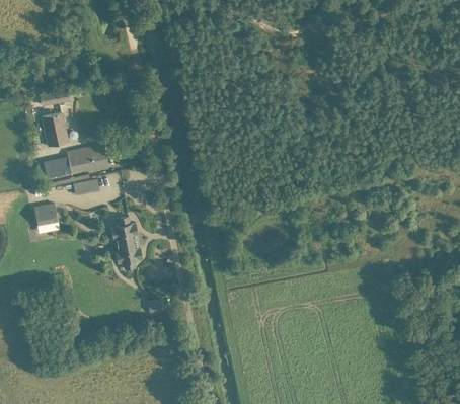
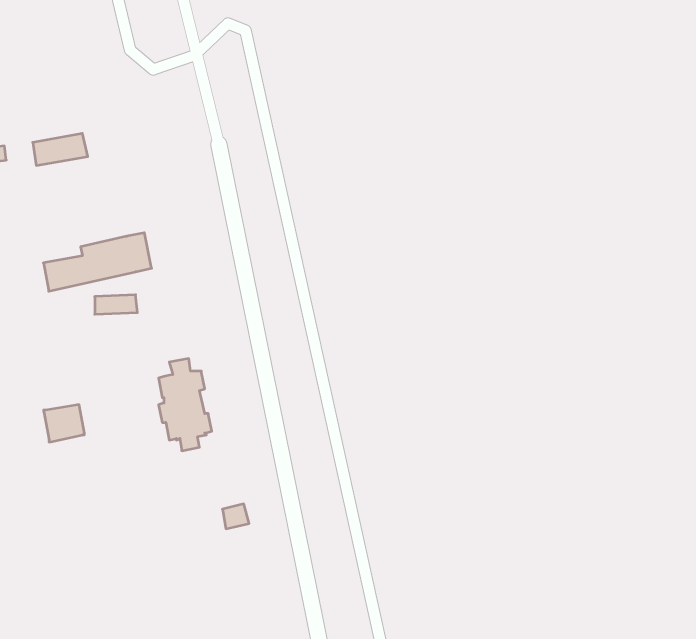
building: [41,112,69,146] -> none
building: [34,204,58,225] -> [44,405,84,442]

